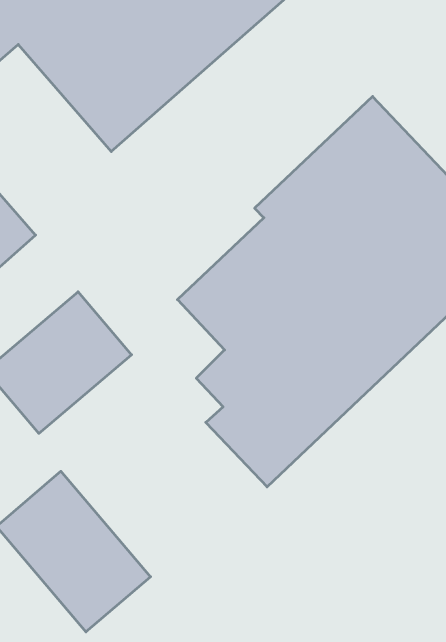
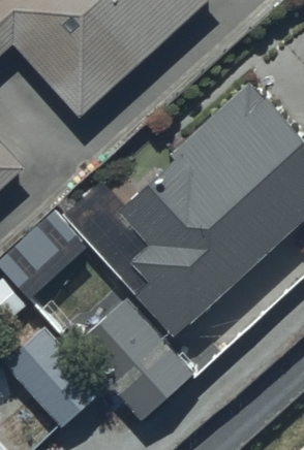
building: none -> [70,300,191,422]

